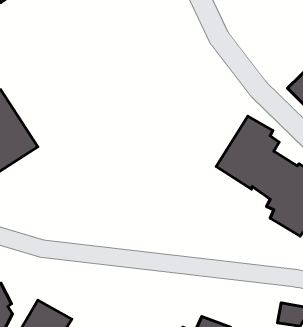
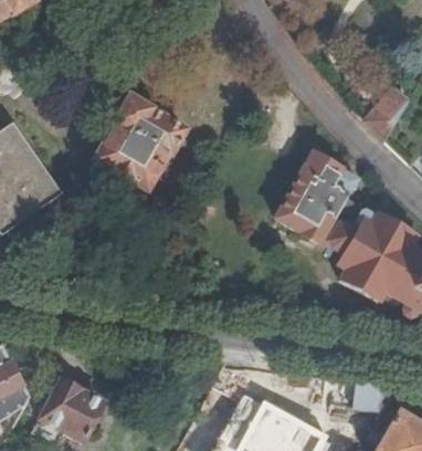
building: none -> [94,98,182,190]

